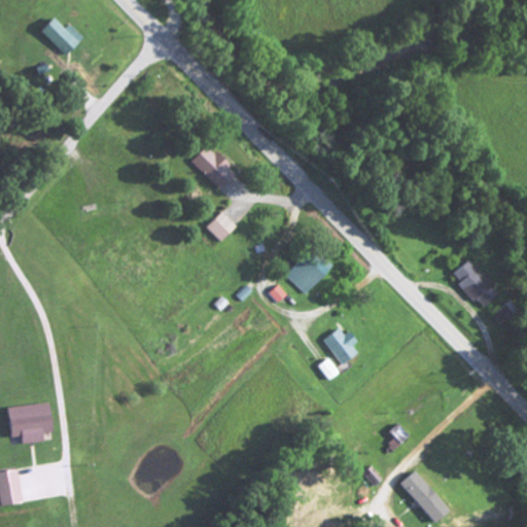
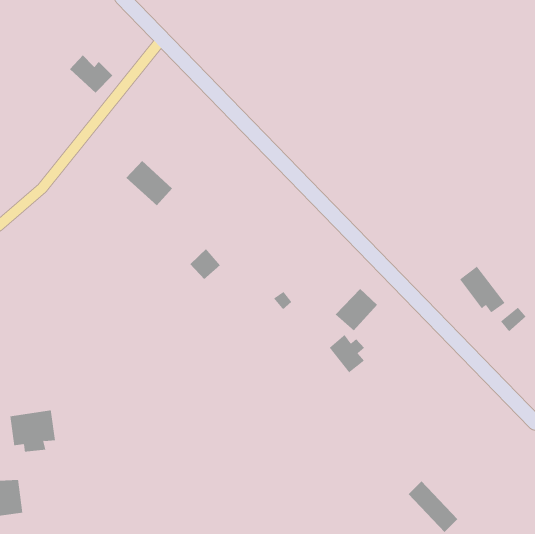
building: [40,17,83,56] -> [69,55,113,94]
building: [190,145,237,190] -> [125,160,173,206]
building: [205,211,236,242] -> [189,248,221,280]
building: [287,252,329,294] -> [335,288,378,331]

